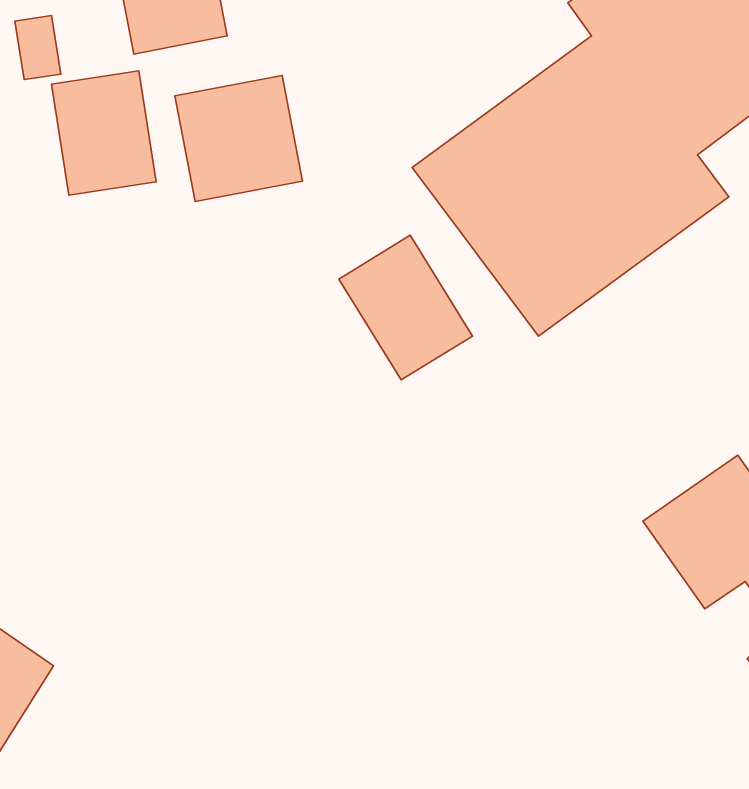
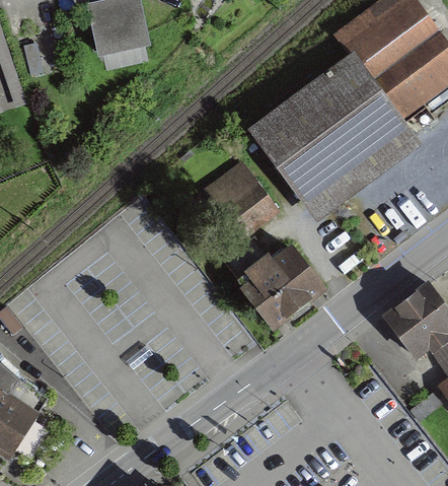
building: [51,71,156,195] -> none
building: [175,75,302,202] -> none
building: none -> [229,247,318,331]

